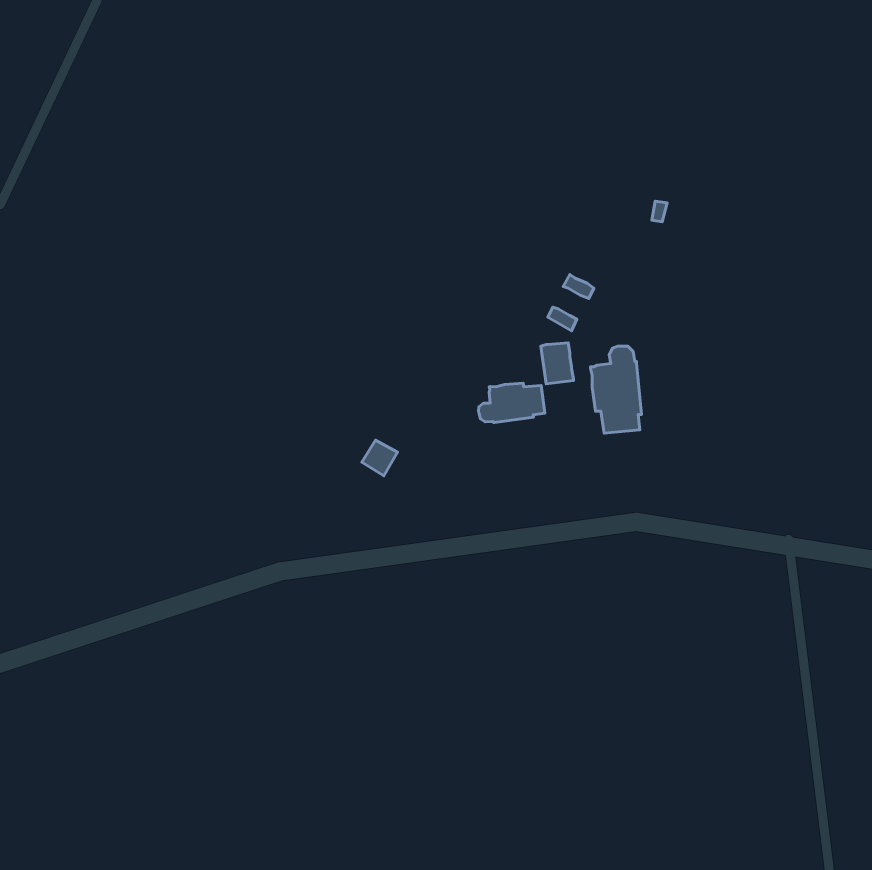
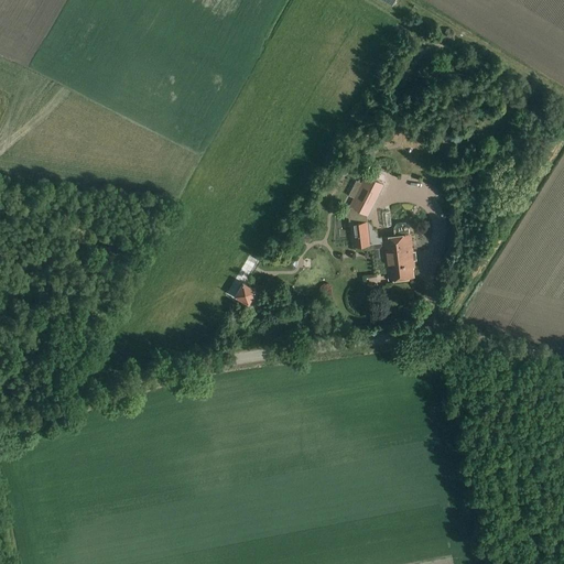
building: [479,383,545,423] -> none

